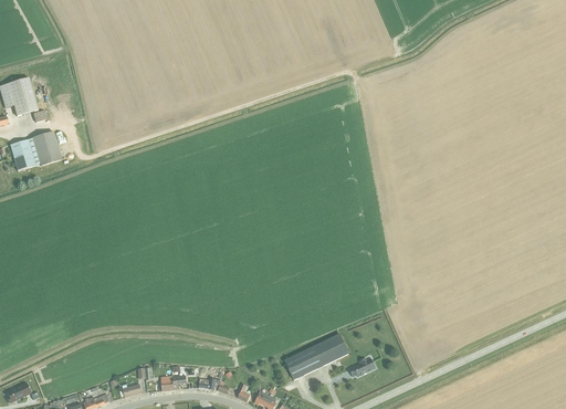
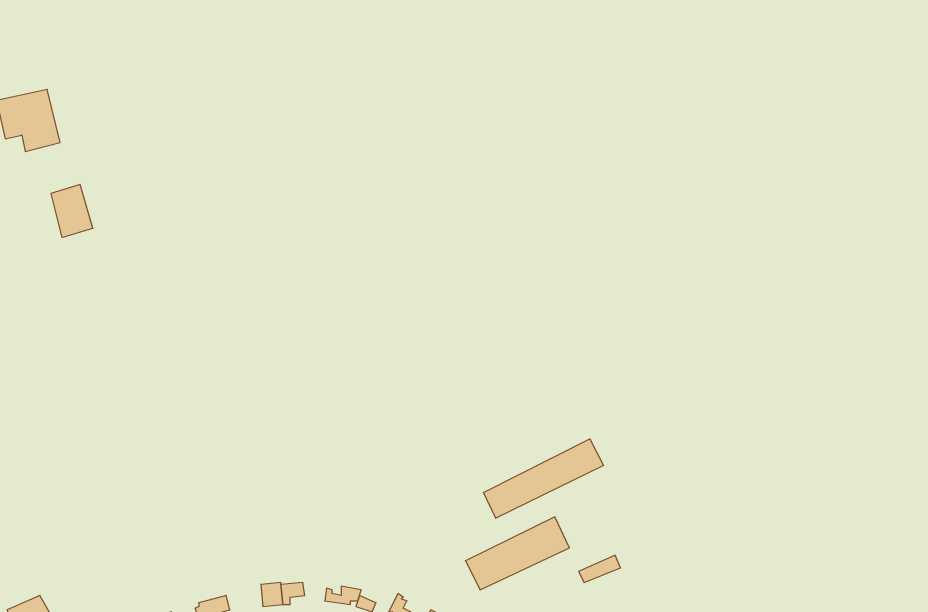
building: [9,138,33,170] -> none
building: none -> [484,439,604,518]

